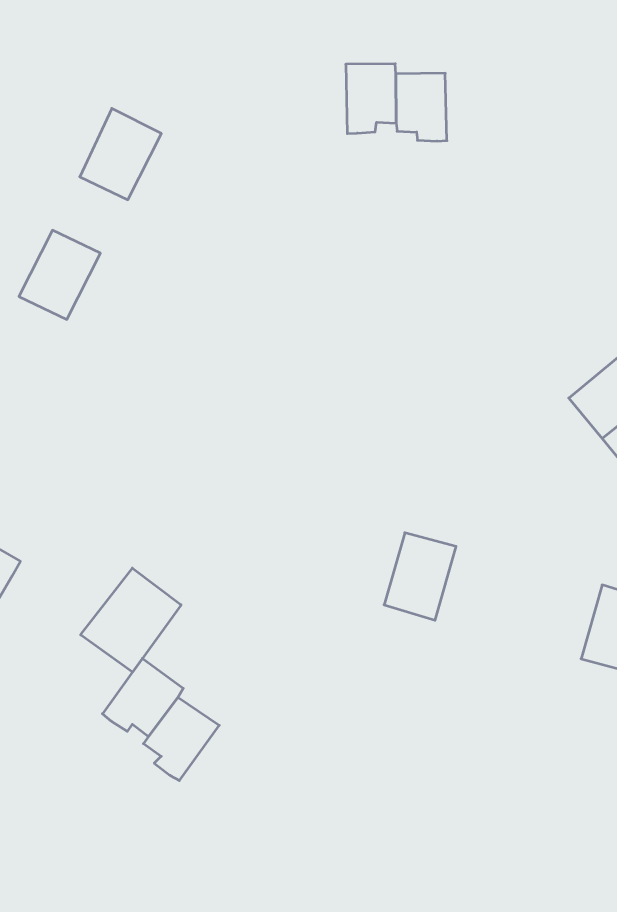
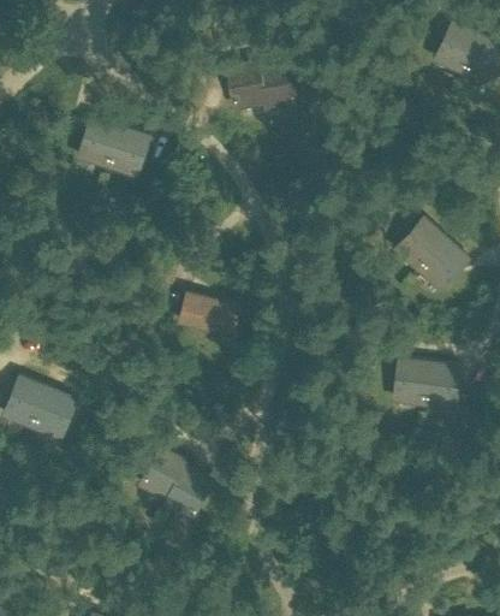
building: [19,230,100,319] -> [108,126,154,179]
building: none -> [178,292,245,339]
building: [384,533,456,620] -> [393,357,431,408]
building: [81,568,181,672] -> none

